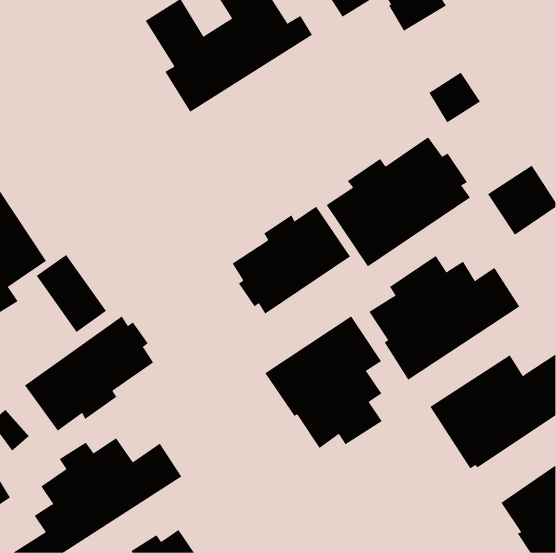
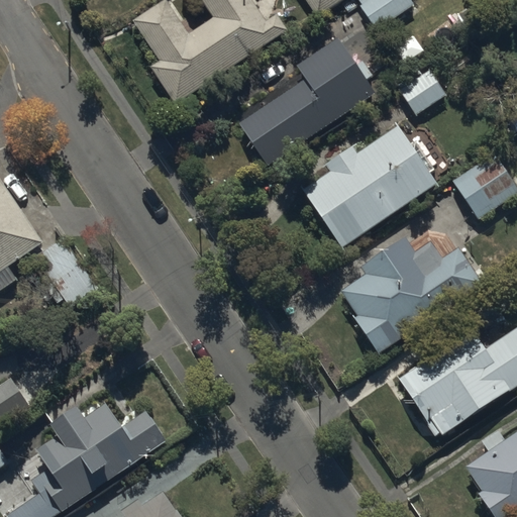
building: none -> [240,36,377,166]
building: [232,206,351,314] -> none
building: [264,316,382,449] -> none
building: [24,316,154,432] -> none

